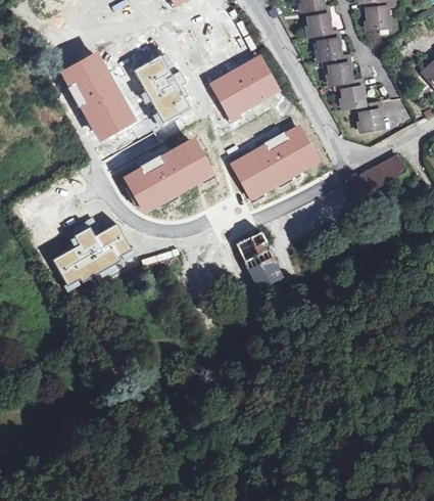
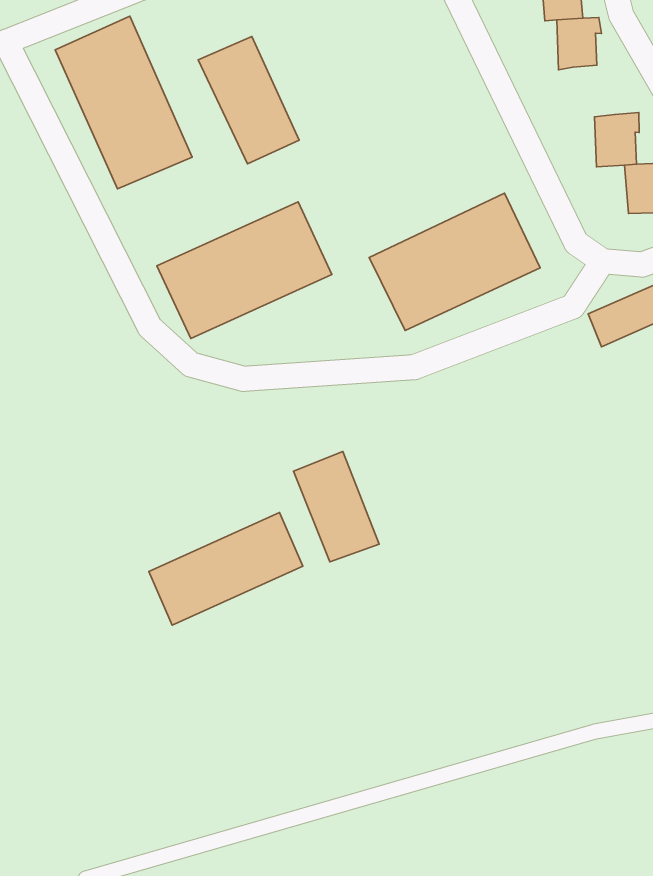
building: [327,54,350,83] -> none
building: [208,55,279,122] -> none
building: [53,223,132,285] -> [149,512,303,625]
building: [235,231,282,288] -> [293,451,379,562]

